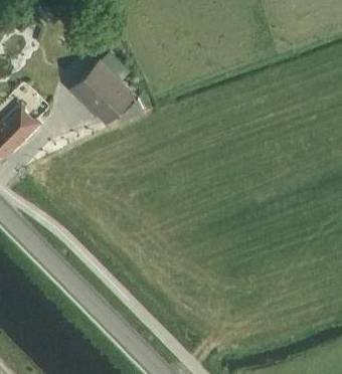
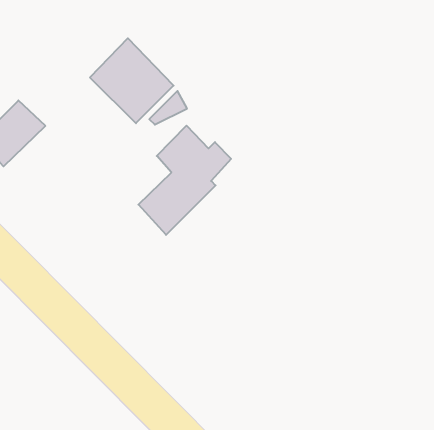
building: none -> [138,126,231,235]

